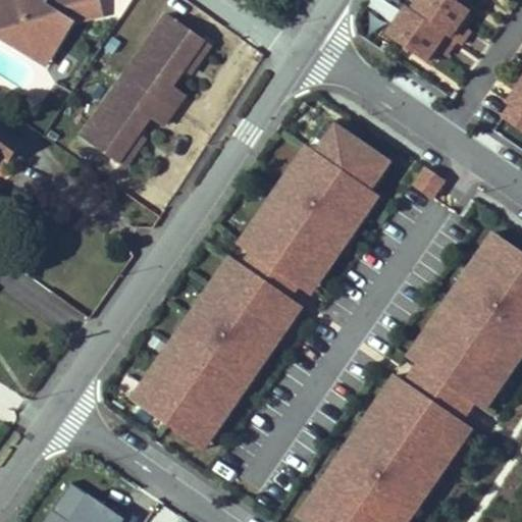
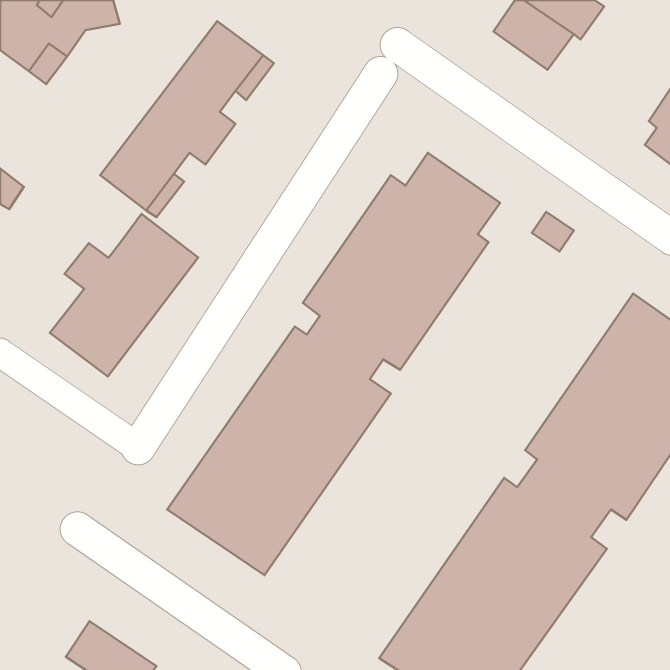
building: none -> [50,214,198,376]

